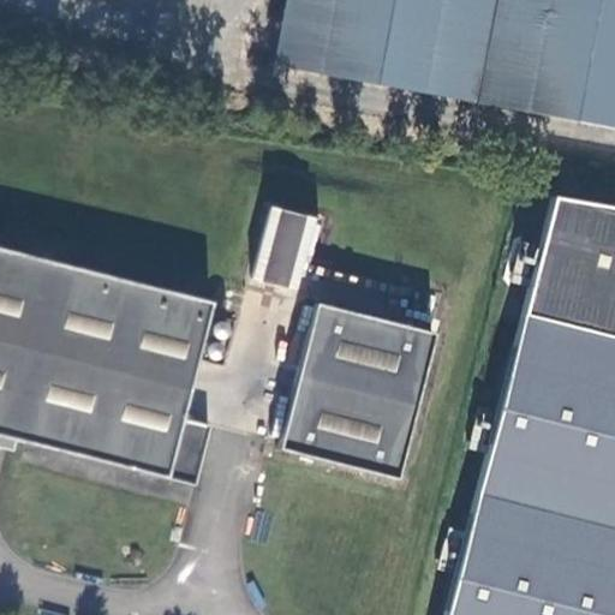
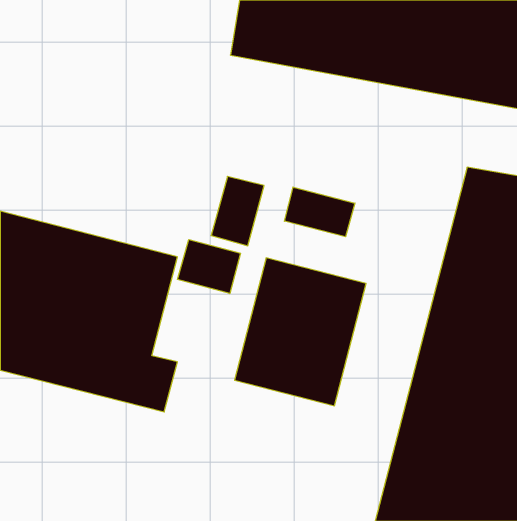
building: none -> [284,187,355,237]
building: none -> [177,240,241,294]

